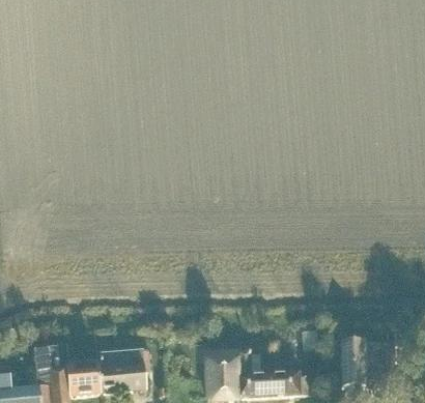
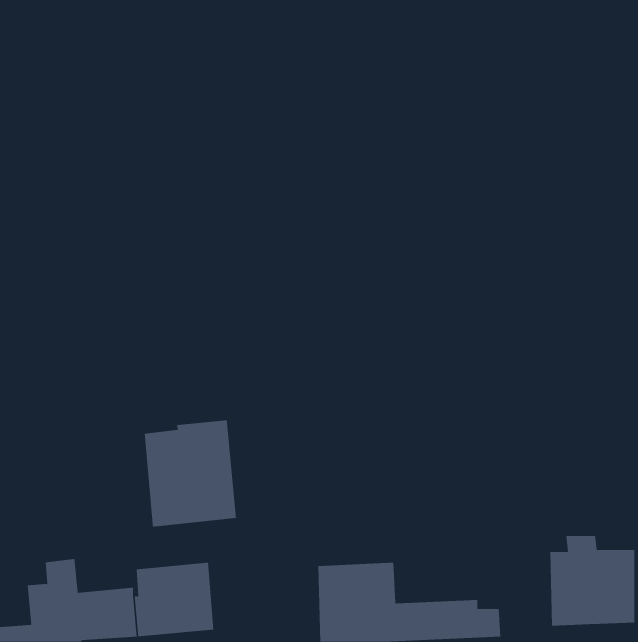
building: none -> [144,420,236,527]

